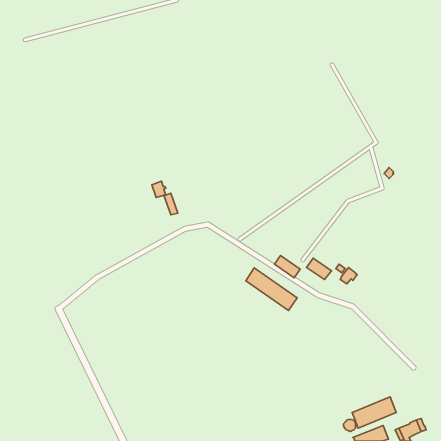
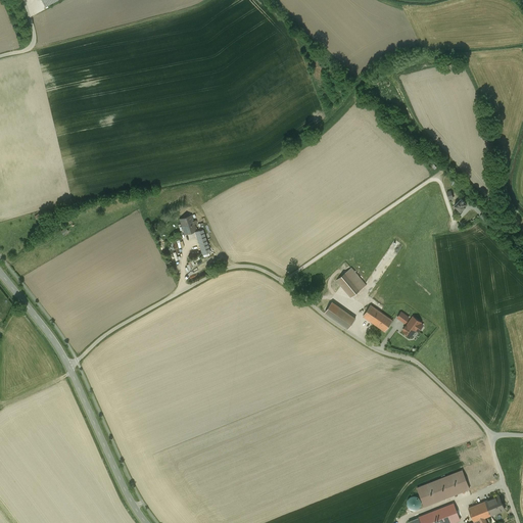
building: none -> [336,268,366,297]
building: [246,268,297,310] -> none

